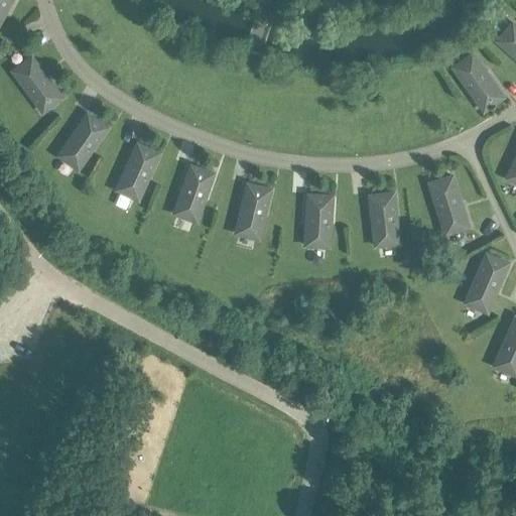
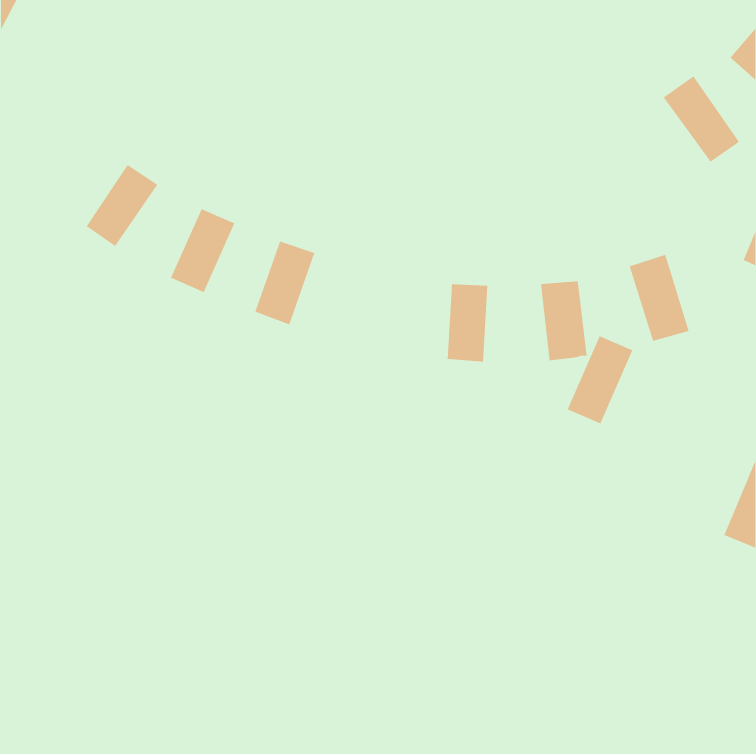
building: [12,55,63,112] -> none
building: [235,182,271,239] -> none
building: [465,252,510,312] -> [567,335,633,424]

